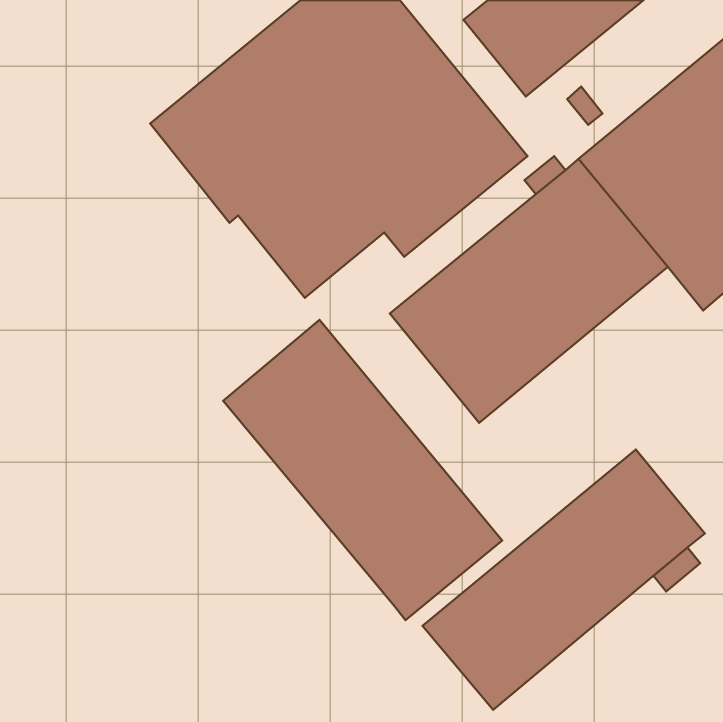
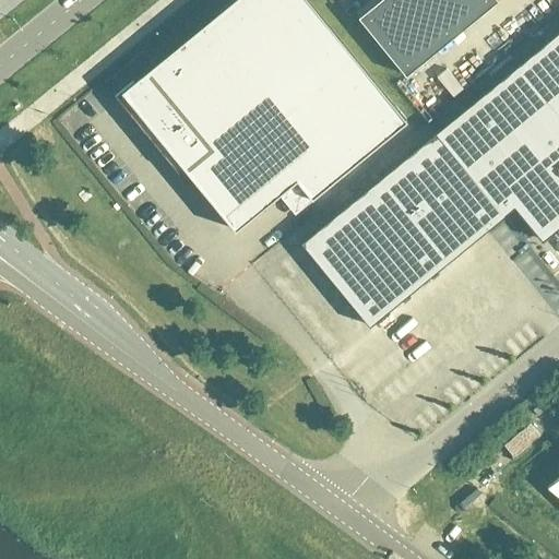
building: [223,320,502,620] -> none
building: [423,450,705,710] -> none

